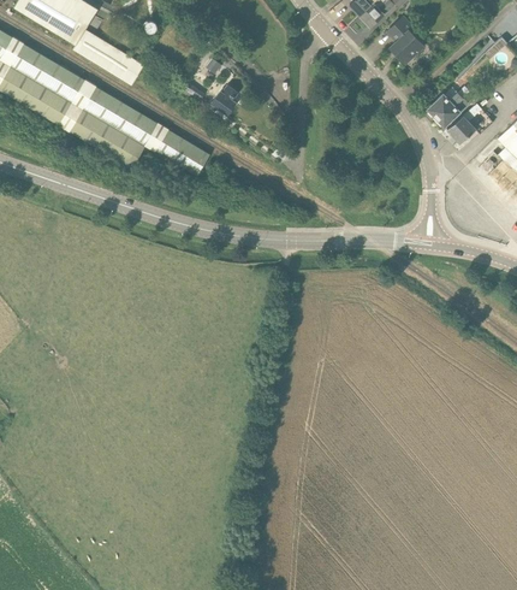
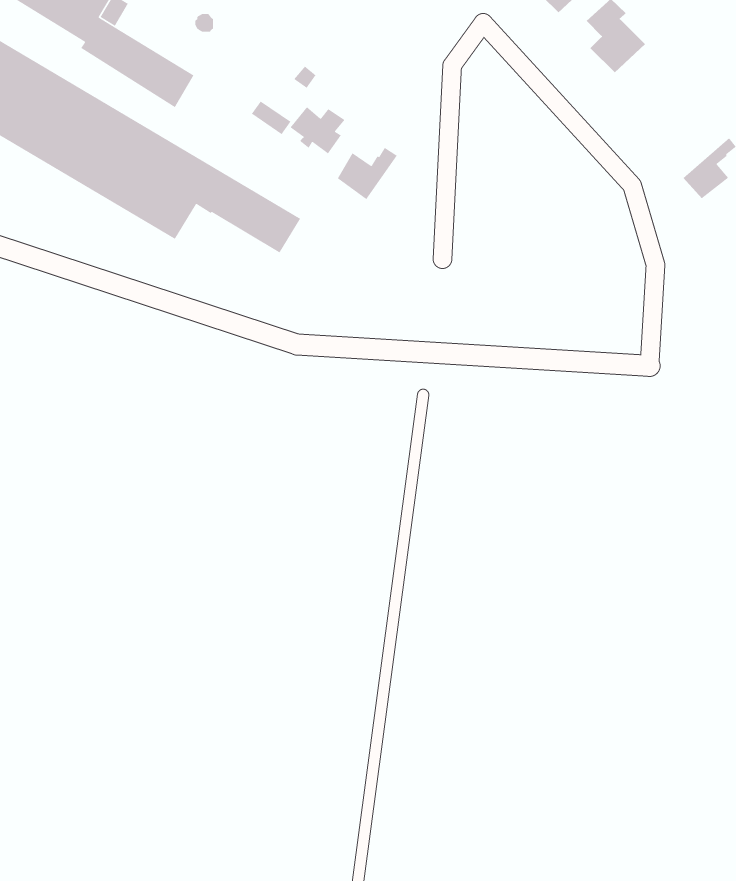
building: [426,87,467,126] -> none
building: none -> [337,147,398,200]

